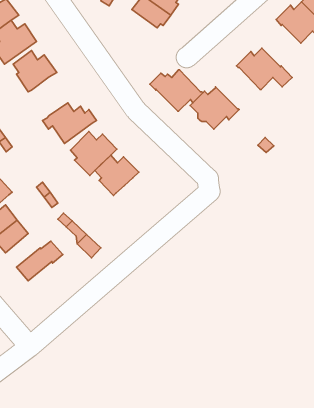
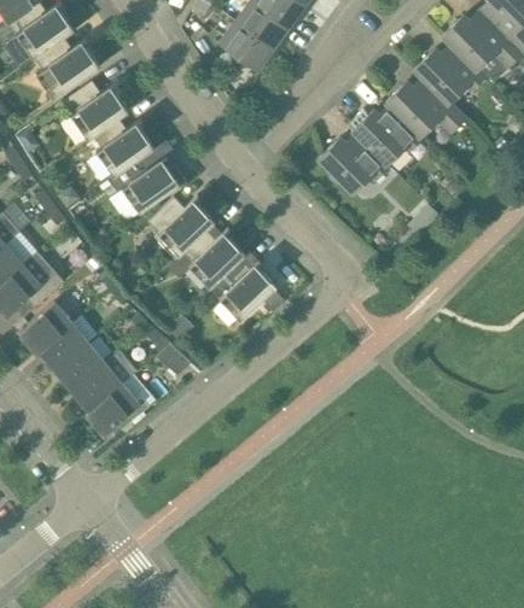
building: none -> [220,21,272,71]
building: none -> [413,42,484,103]
building: [150,70,203,111] -> [347,104,423,163]
building: none -> [92,117,153,176]
building: none -> [209,262,275,320]
building: none -> [54,341,104,390]
building: none -> [85,381,147,432]

